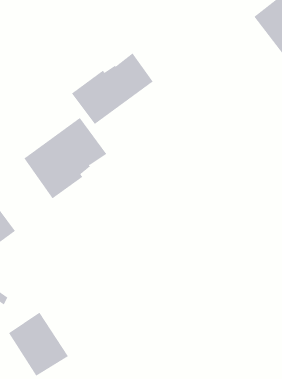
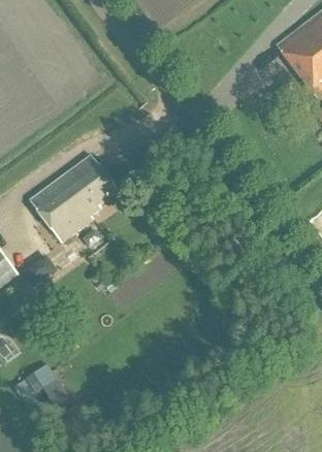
building: [71,52,154,125] -> none

